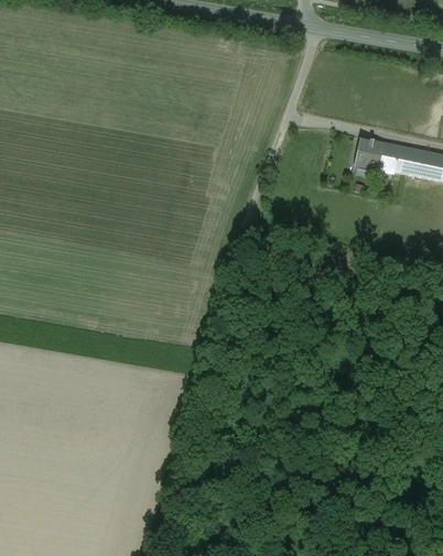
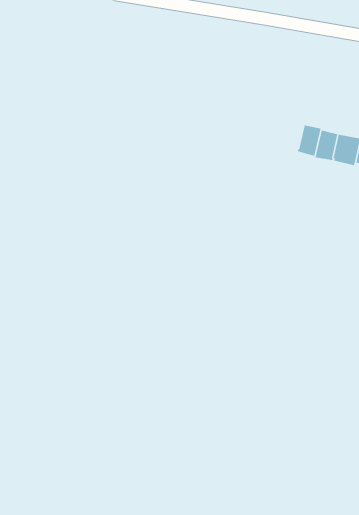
building: none -> [297,124,321,157]

